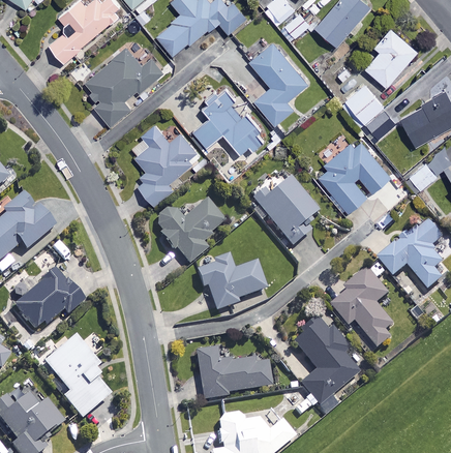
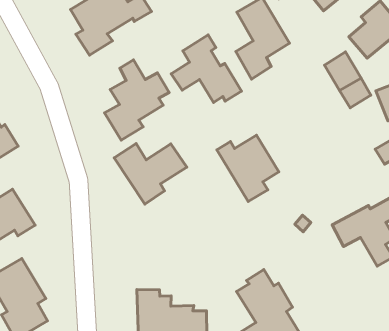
building: [319,137,391,212] -> none
building: [197,254,265,311] -> none
building: [332,269,394,349] -> none

